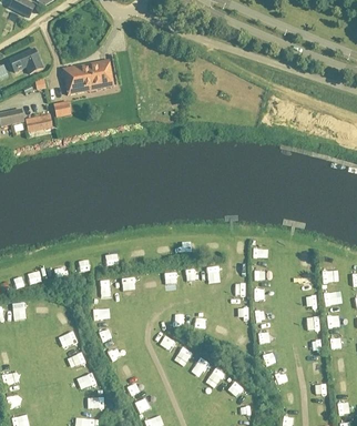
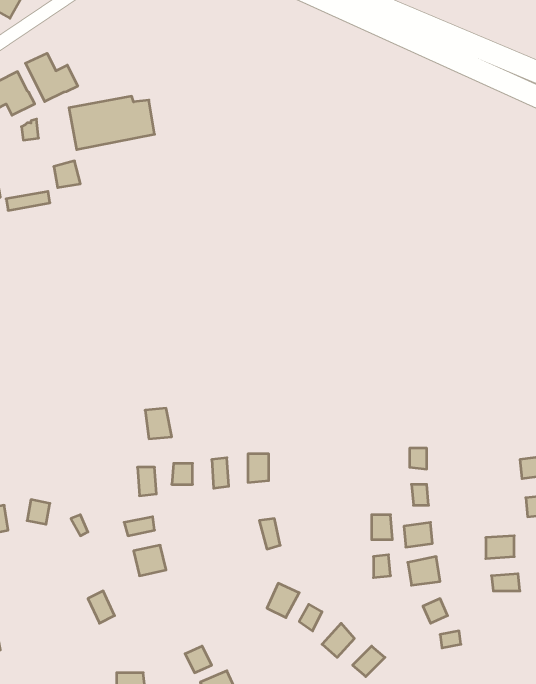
building: none -> [25,53,78,102]

